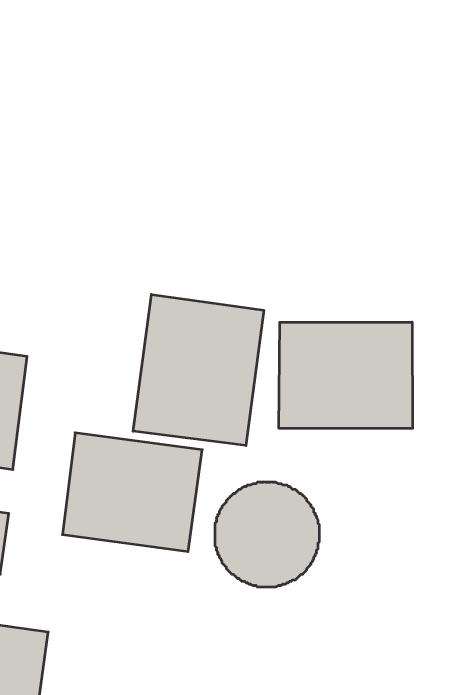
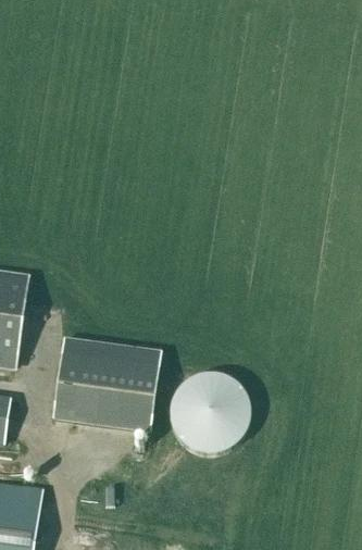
building: [133,294,264,446] -> none
building: [279,322,413,428] -> none

